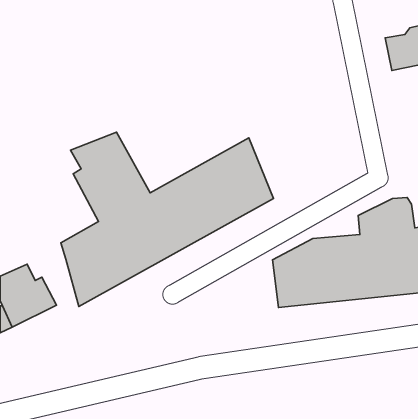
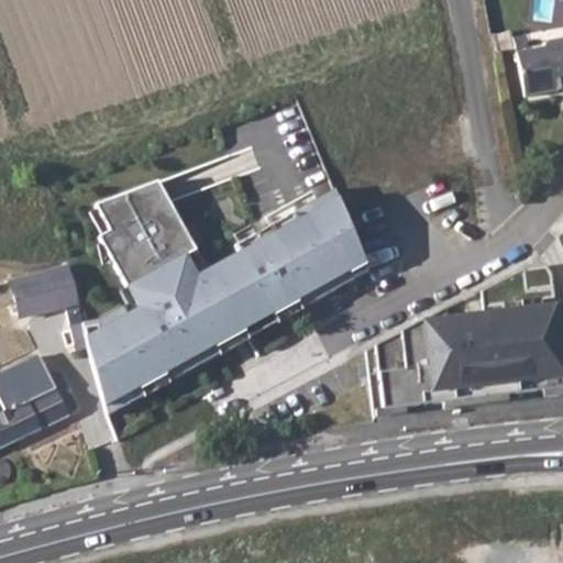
building: none -> [11,266,90,351]

